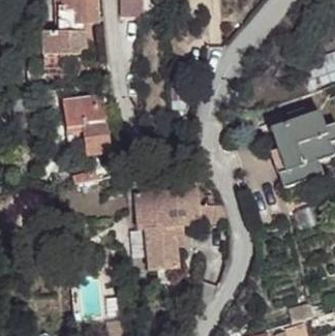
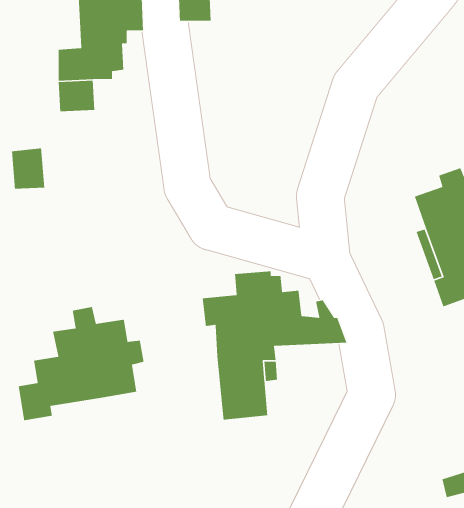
building: [62,96,111,154] -> none
building: none -> [18,306,144,421]

